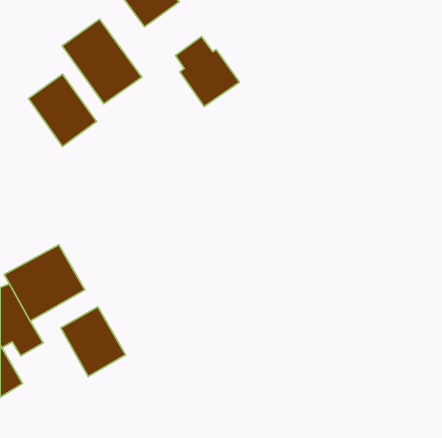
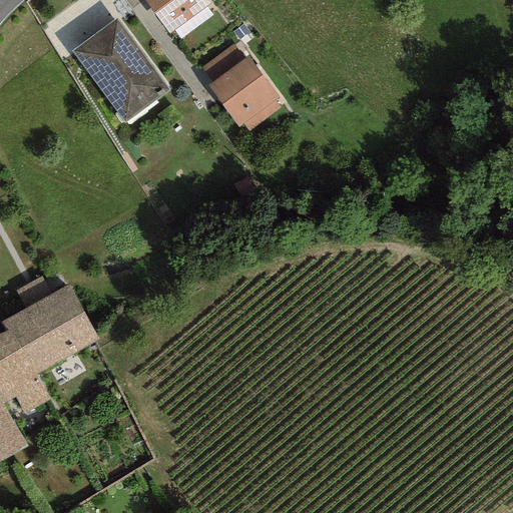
building: [28,74,97,147] -> none
building: [61,307,125,376] -> none

